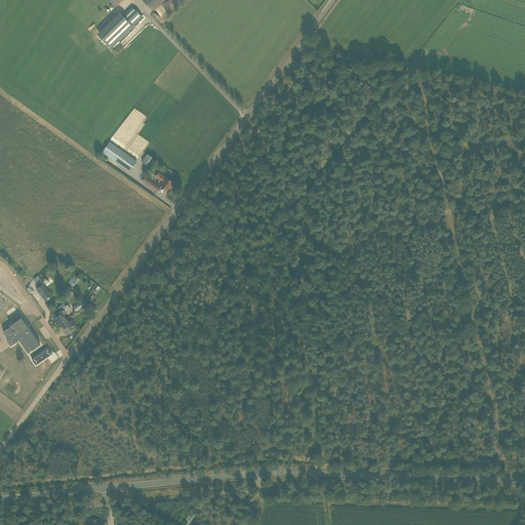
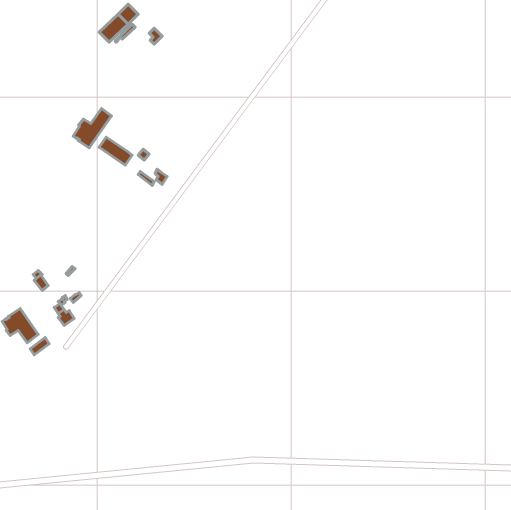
building: none -> [73,109,112,148]

